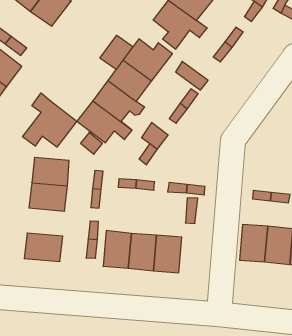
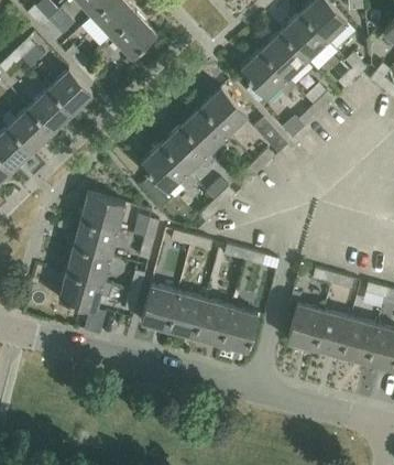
building: [100,35,133,69] -> none
building: [23,93,77,147] -> none
building: none -> [66,248,110,284]
building: none -> [220,307,258,353]

